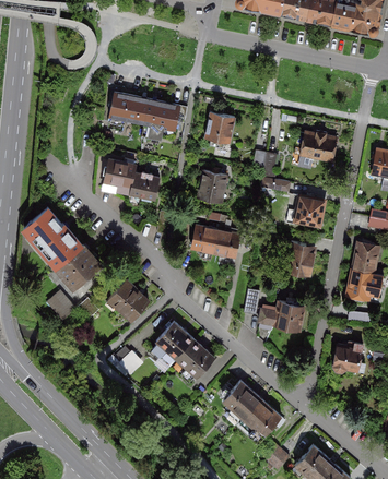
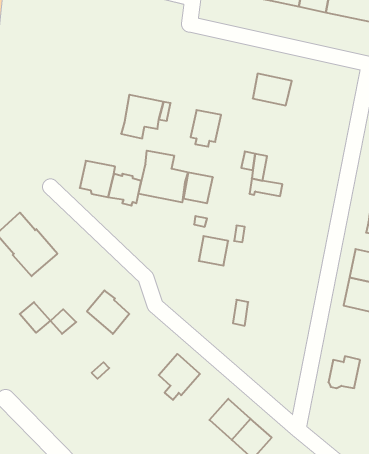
building: [107,93,149,125] -> none
building: [301,132,337,161] -> [253,74,292,105]
building: none -> [139,151,188,202]
building: [295,196,324,228] -> none
building: [191,226,217,253] -> none
building: [58,246,99,286] -> none
building: [285,248,314,276] -> none
building: [259,302,304,331] -> none
building: [156,322,193,359] -> none

